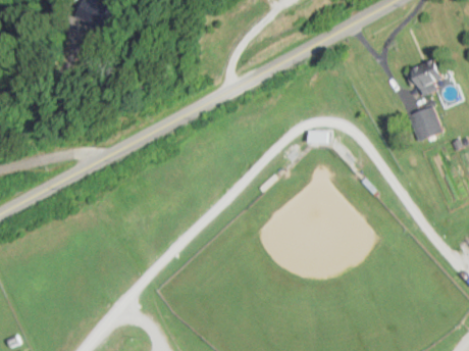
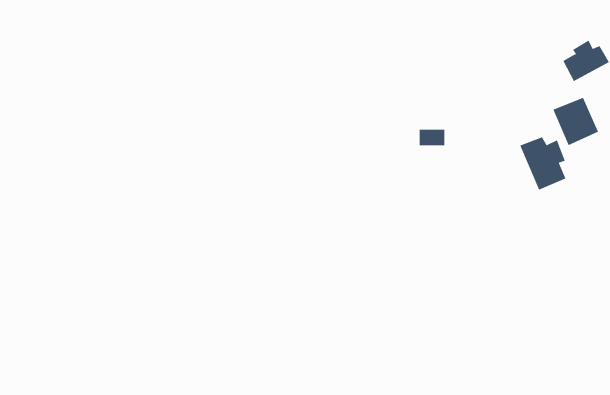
building: none -> [520,137,566,191]

